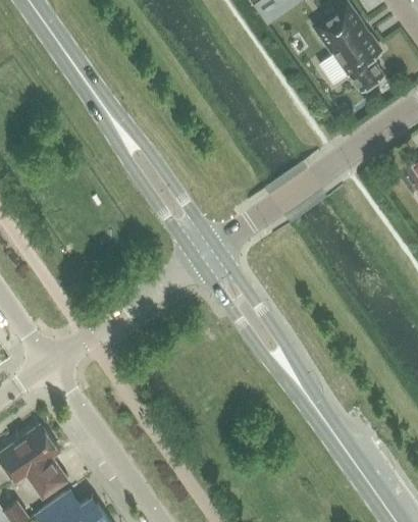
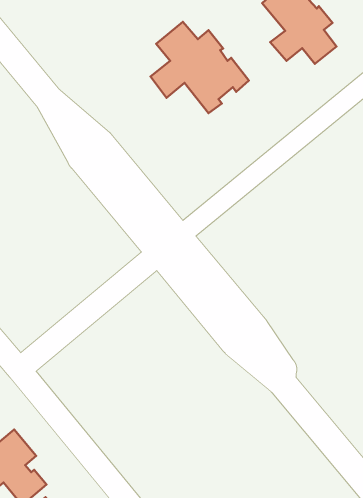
building: none -> [151,22,249,113]

